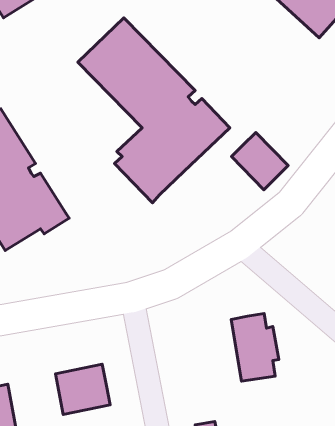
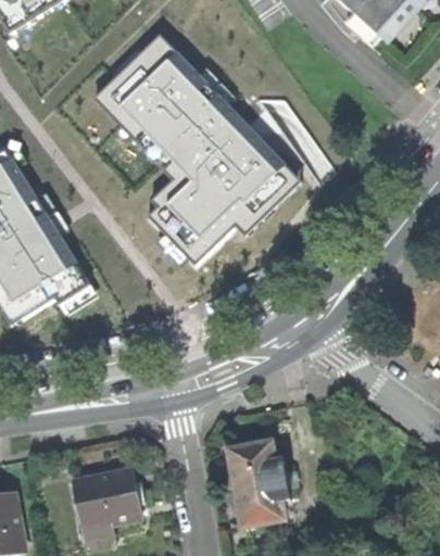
building: [232,132,288,190] -> none
building: [231,314,279,381] -> [230,441,290,526]

